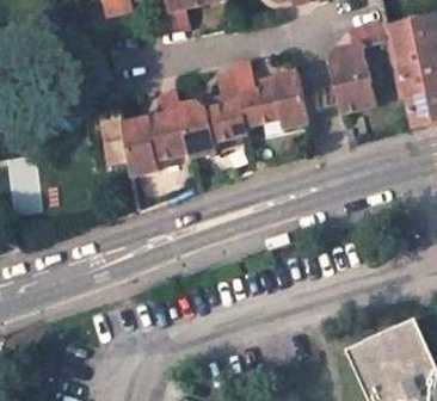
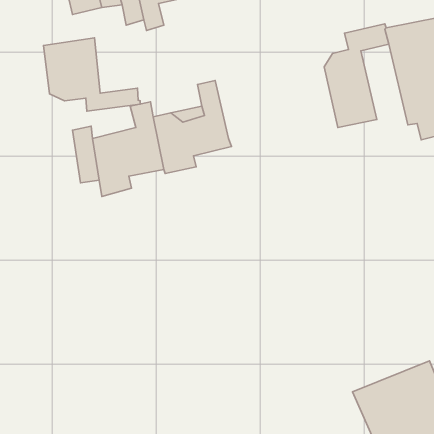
building: none -> [43,38,140,111]
building: [229,58,306,125] -> none

